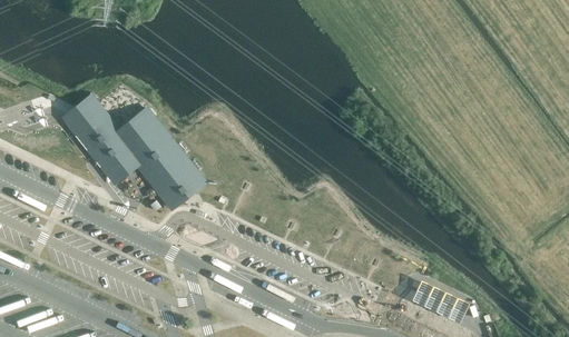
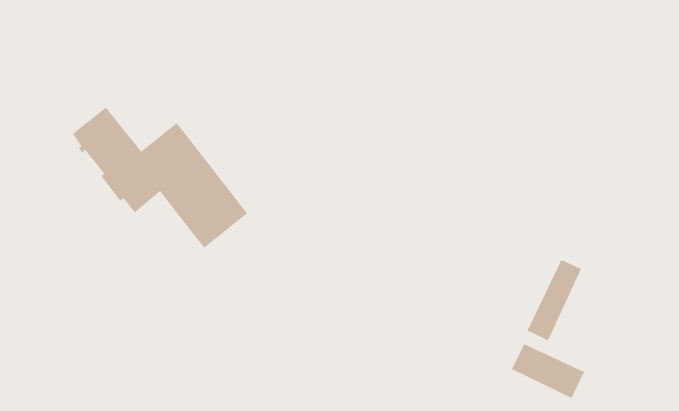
building: none -> [527,259,582,341]

